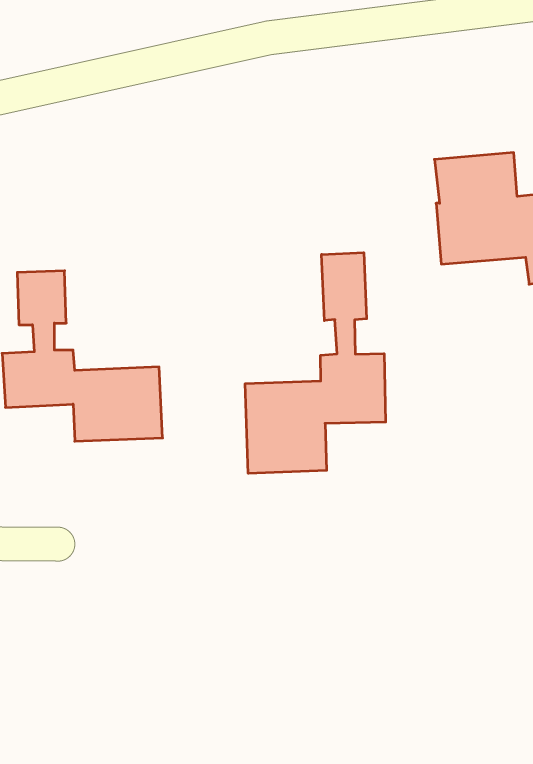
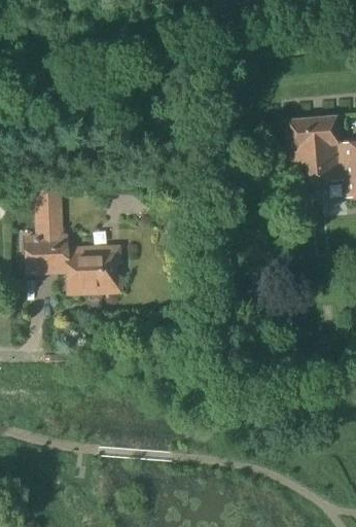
building: [245,253,386,473] -> none

